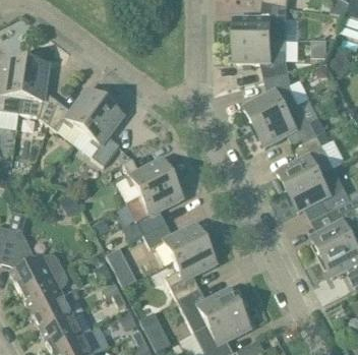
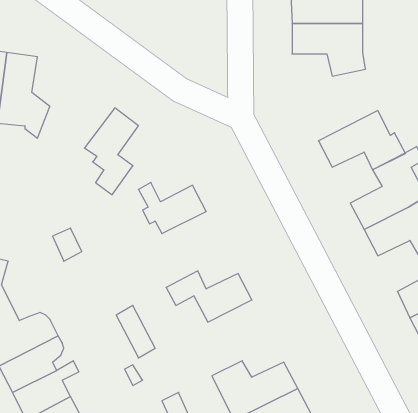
building: [244,73,298,126] -> none
building: [48,88,105,131] -> none
building: [126,178,181,234] -> none
building: [165,243,216,299] -> none

